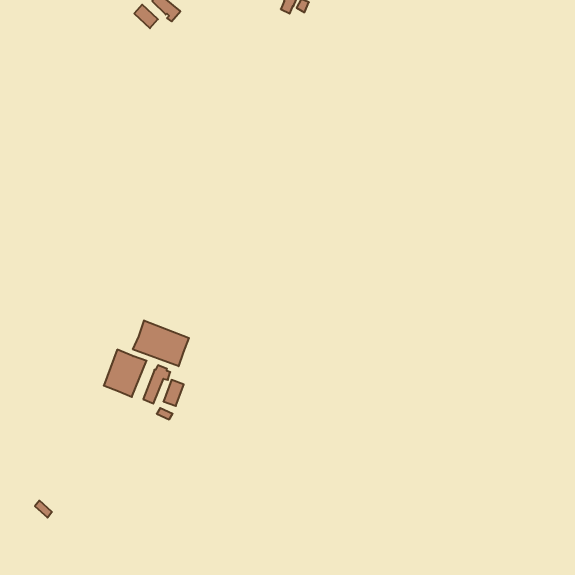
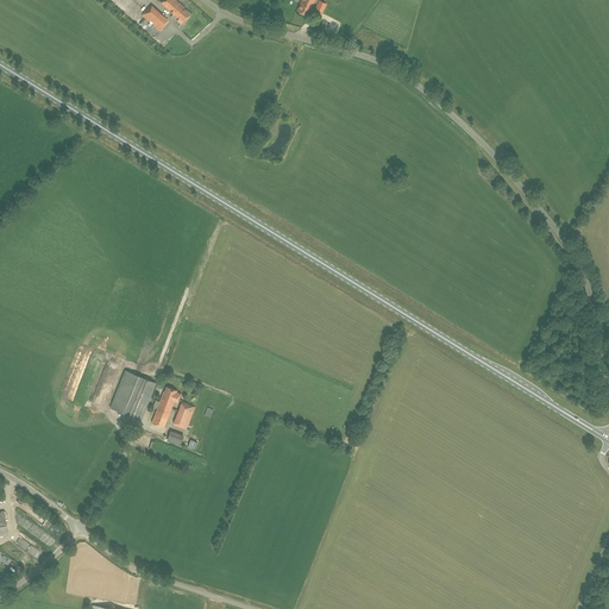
building: [133,320,189,366] -> none

